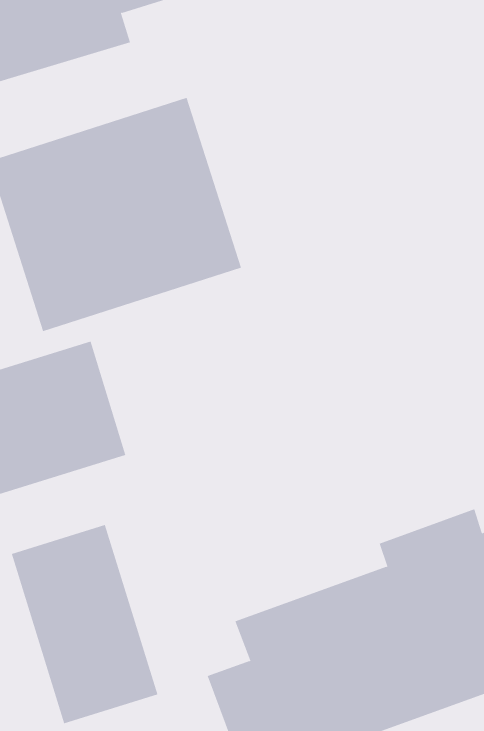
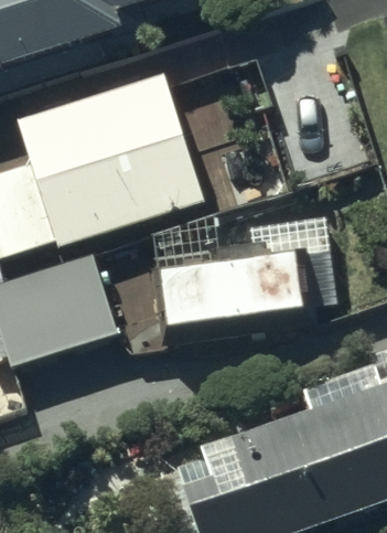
building: none -> [157,235,333,329]
building: [11,524,158,724] -> none

